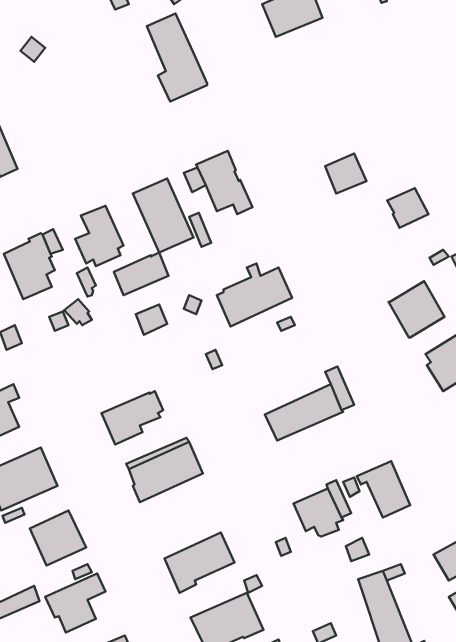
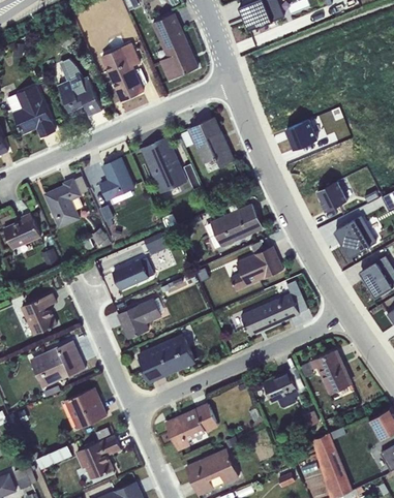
building: none -> [101,42,143,100]
building: none -> [58,58,102,117]
building: [387,188,428,228] -> [316,181,347,211]
building: [114,252,169,295] -> [113,257,154,289]
building: none -> [230,246,283,290]

